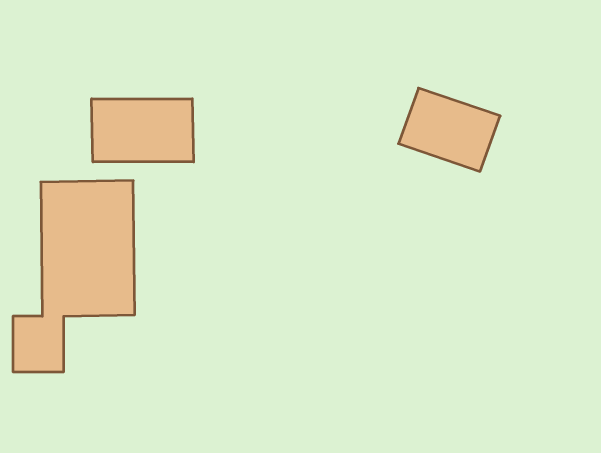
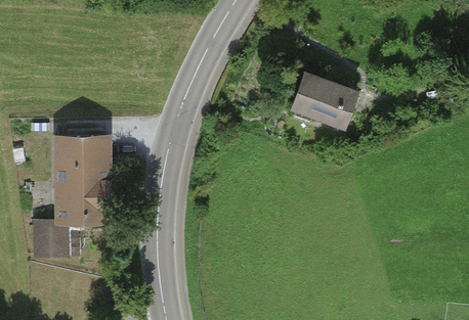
building: [92,99,194,162] -> none

